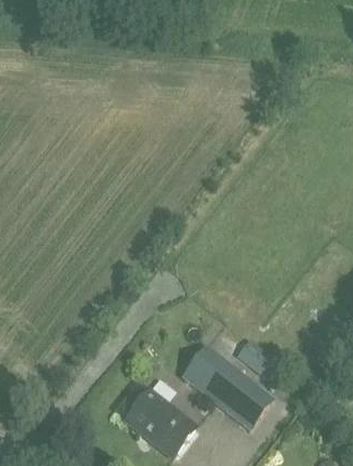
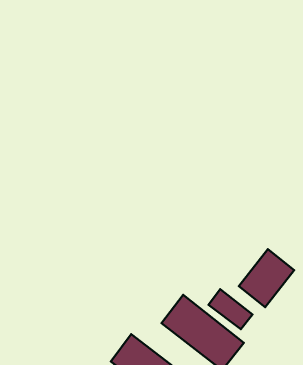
building: none -> [239,249,294,307]

